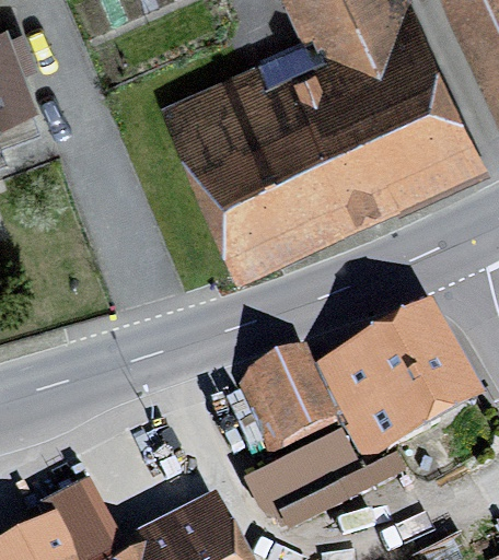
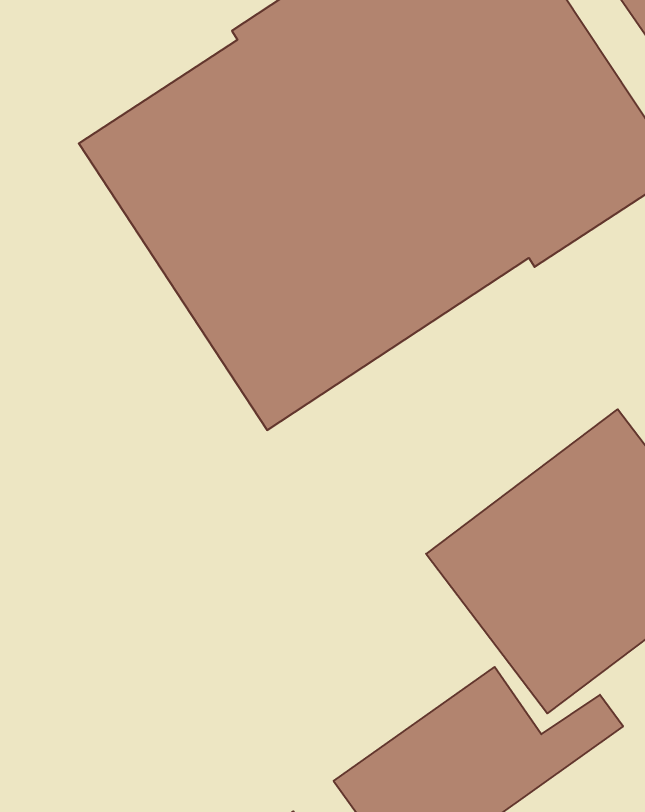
building: [245,346,332,443] -> none

